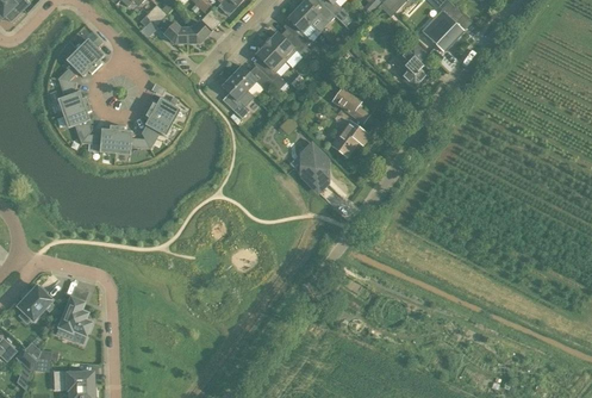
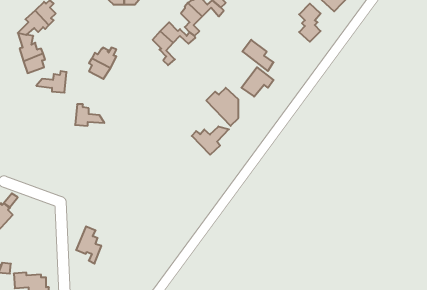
building: [114,125,150,151] -> [75,104,104,126]
building: none -> [192,126,229,155]
building: [60,296,91,341] -> [76,226,101,264]

